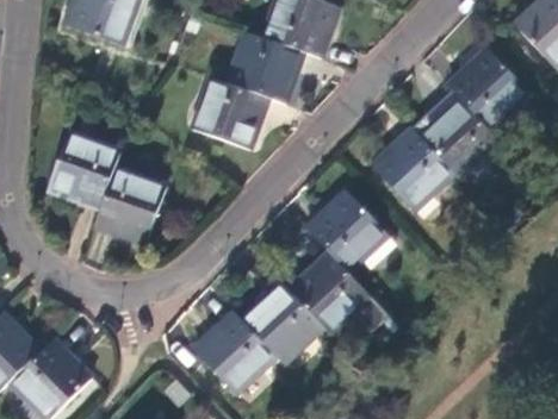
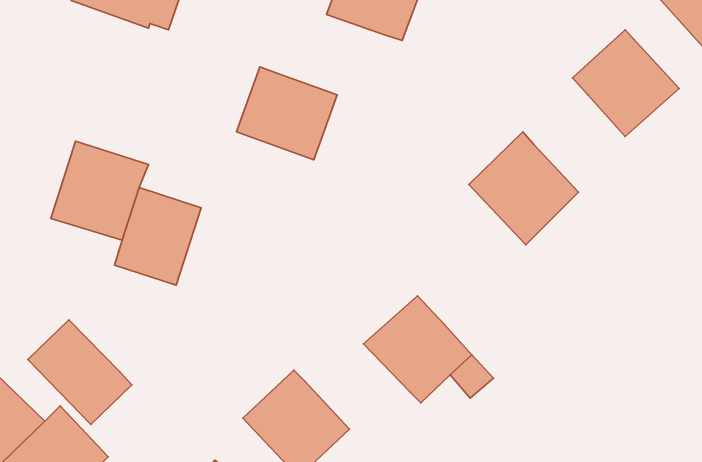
building: [225,30,304,102] -> none
building: [420,98,509,188] -> none
building: [306,189,404,274] -> none
building: none -> [28,320,132,425]
building: [243,281,324,363] -> none

